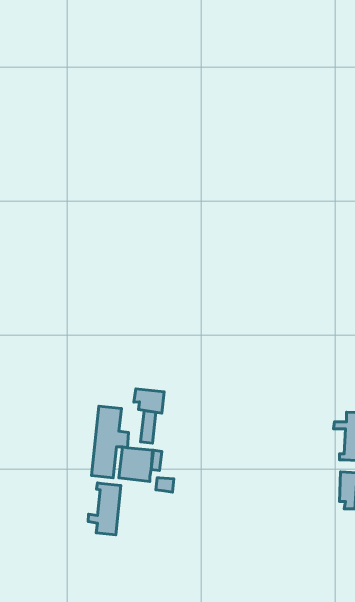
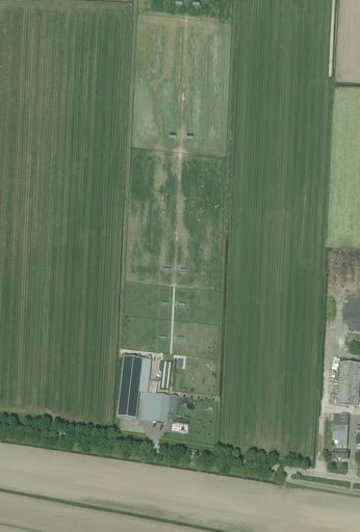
building: [134,389,164,413] -> none
building: [88,483,121,535] -> none

